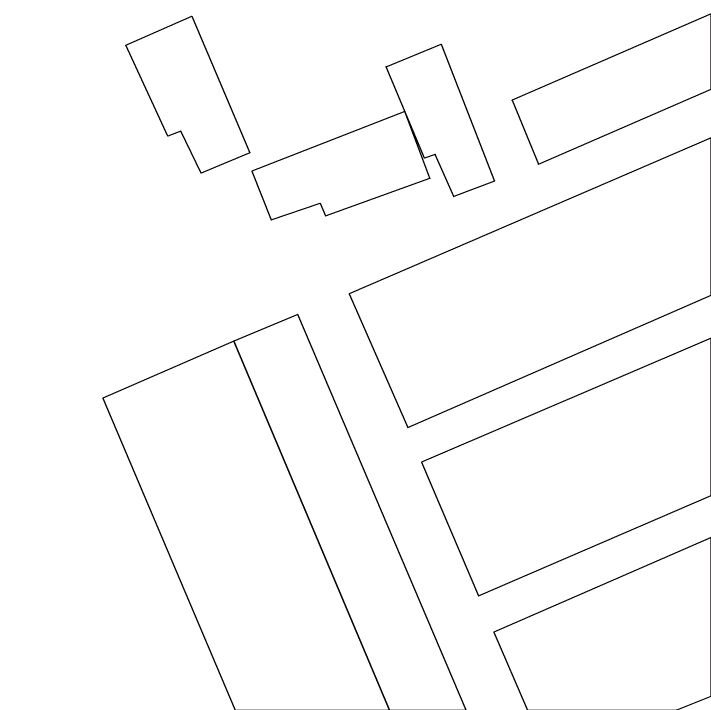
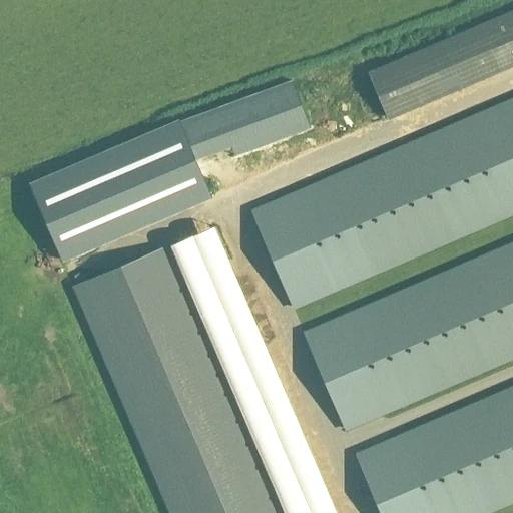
building: [126,16,250,173] -> none
building: [386,44,495,197] -> none
building: none -> [30,119,210,261]

